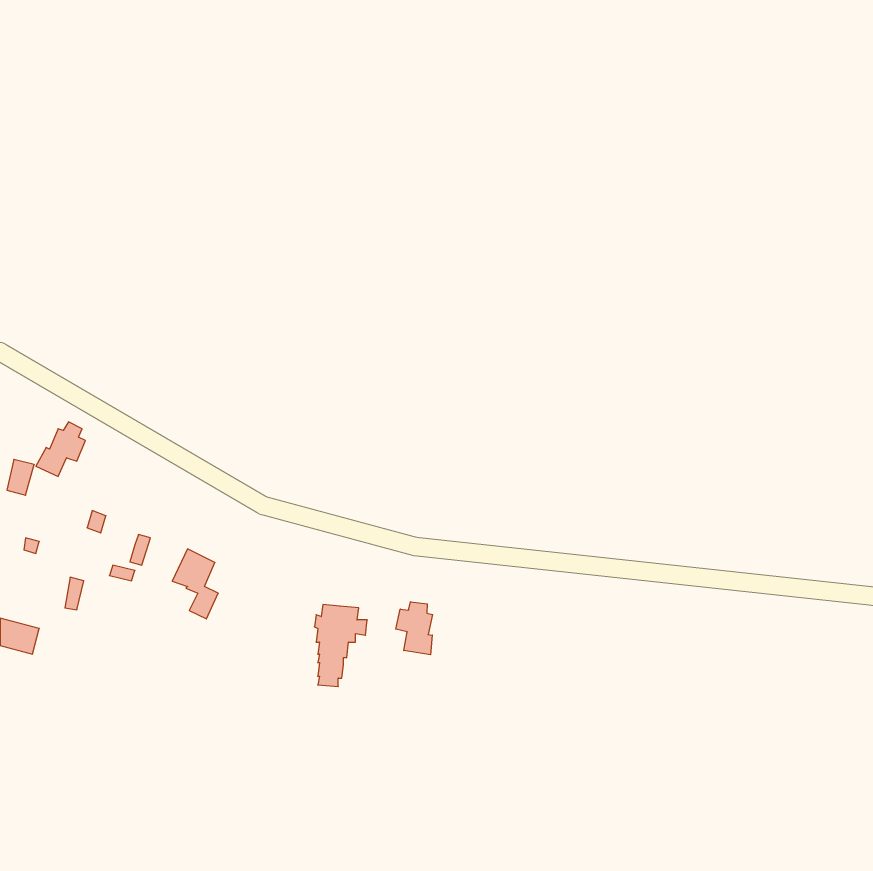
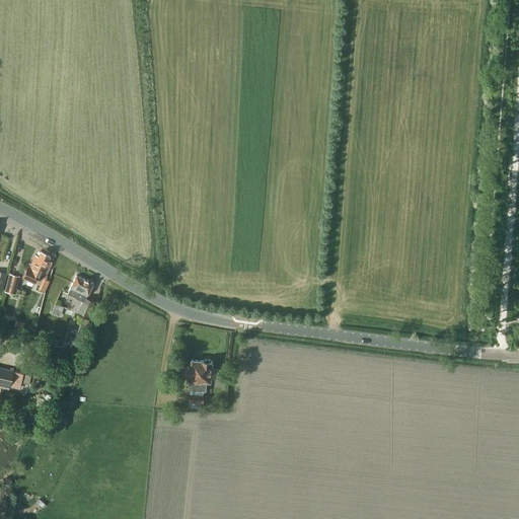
building: [172,549,218,619] -> [67,276,94,317]
building: [396,602,433,655] -> none

